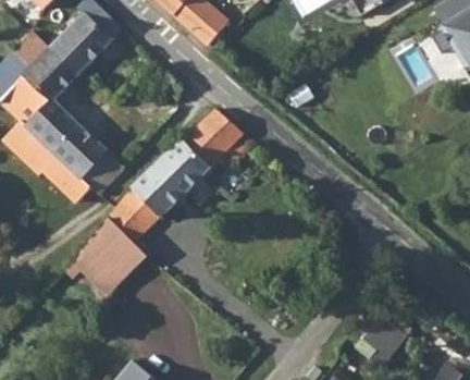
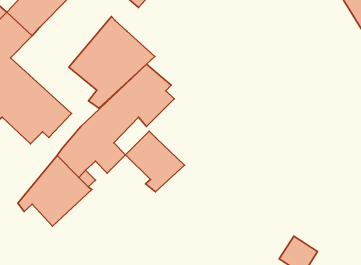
building: none -> [69,16,155,108]
building: none -> [126,131,184,192]

